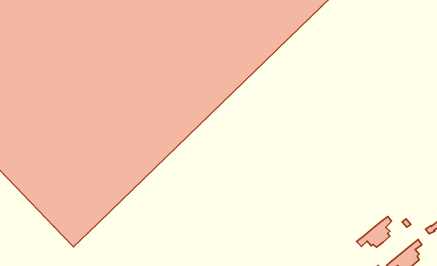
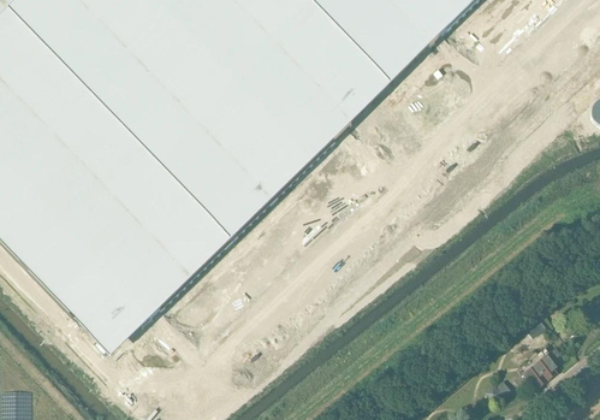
building: [357,216,392,247] -> none

